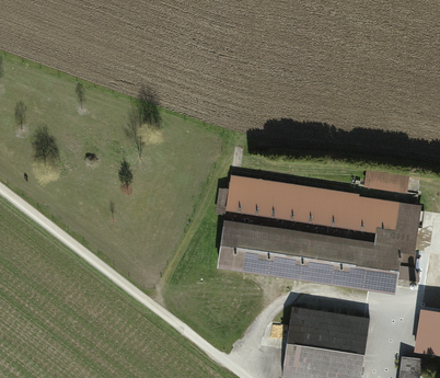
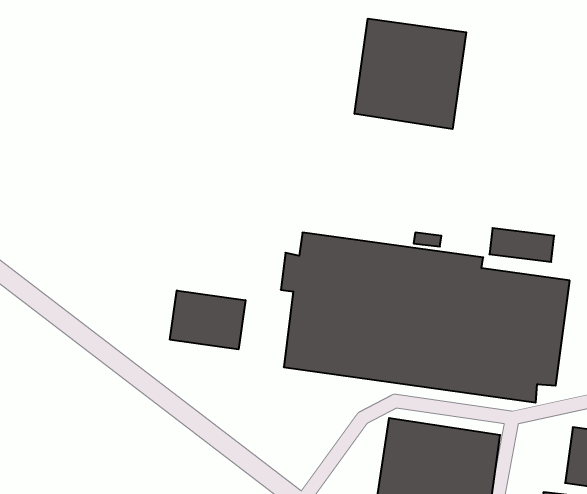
building: none -> [355,19,466,129]
building: none -> [170,290,245,349]

